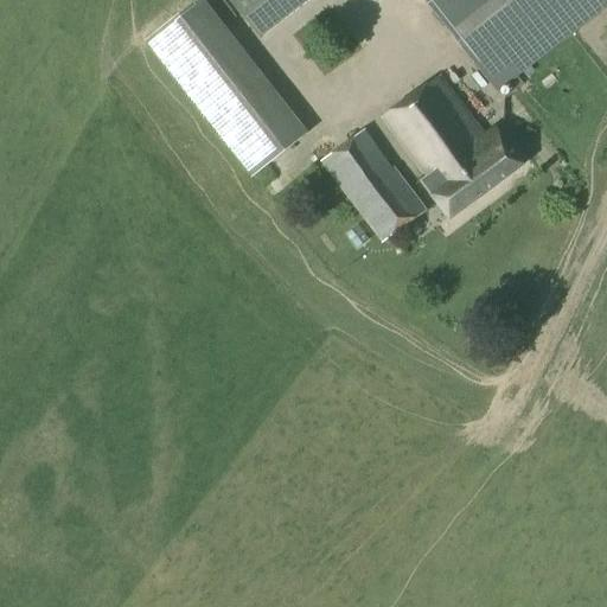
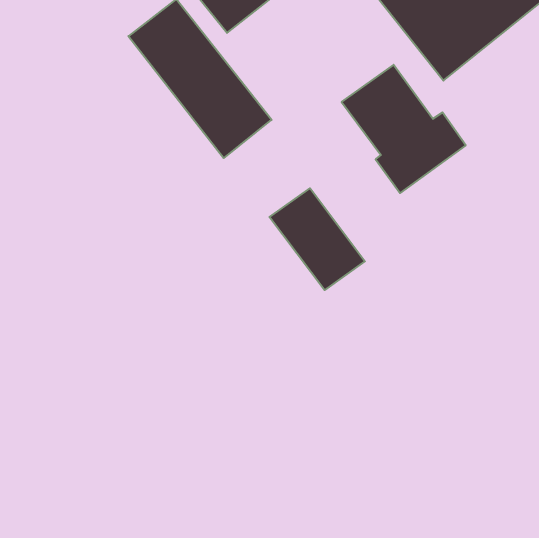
building: [322,126,429,239] -> [269,188,365,290]

